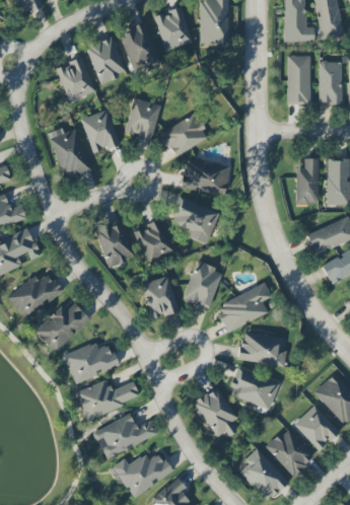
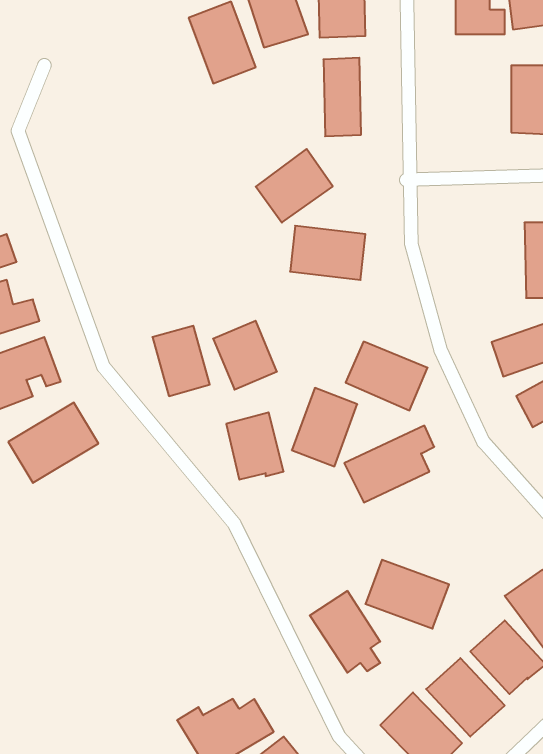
building: [86,37,126,83] -> none
building: [287,55,310,103] -> [323,58,361,136]
building: [56,57,95,101] -> none
building: [125,97,161,140] -> none
building: [81,110,120,153] -> none
building: [49,128,91,179] -> none
building: [296,158,319,203] -> none
building: [168,197,219,239] -> [346,342,428,410]
building: [36,298,90,353] -> none
building: [239,333,287,365] -> none
building: [63,342,118,384] -> none
building: [76,380,140,419] -> none
building: [93,414,158,459] -> none

